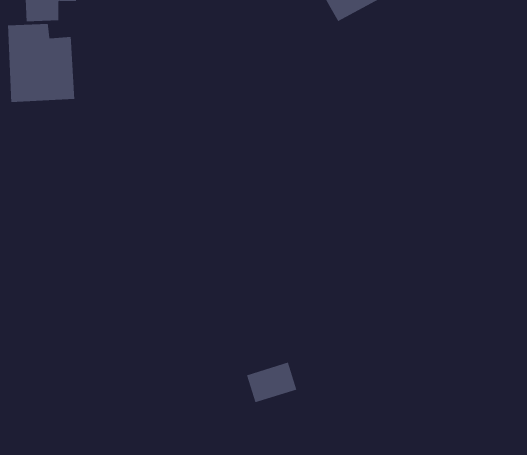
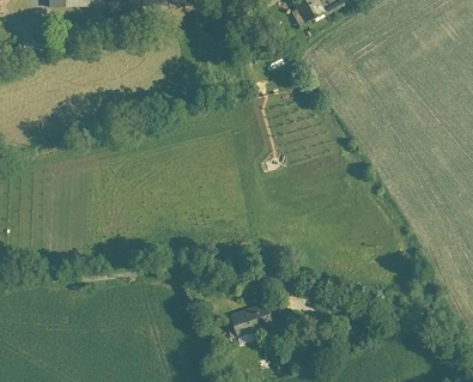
building: [7,23,75,103] -> none

